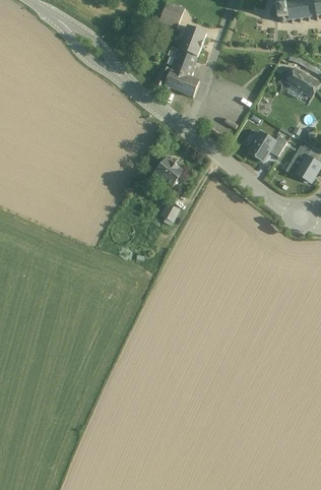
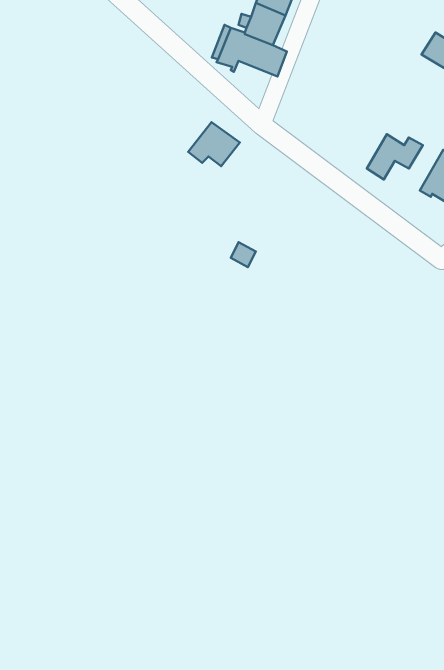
building: [150,157,184,185] -> [188,122,240,166]

